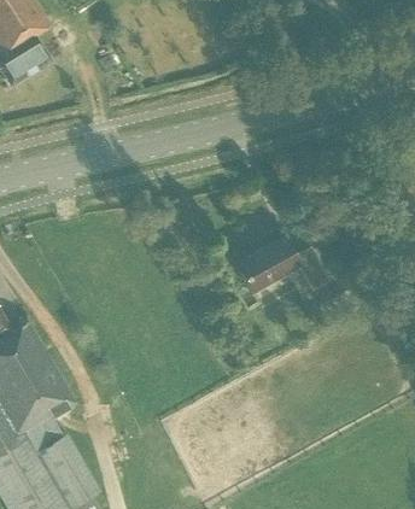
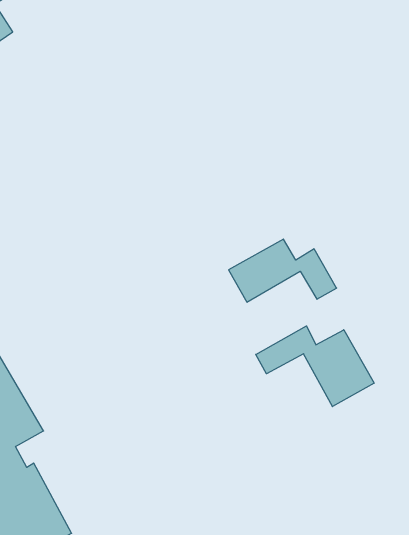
building: none -> [256,326,374,407]

